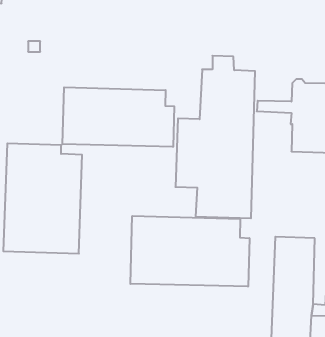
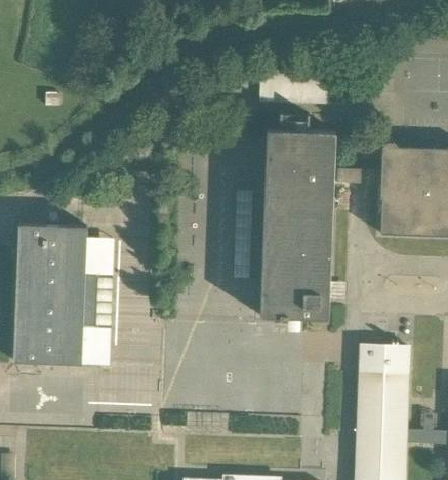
building: [63,87,174,147] -> none
building: [130,216,249,287] -> none

